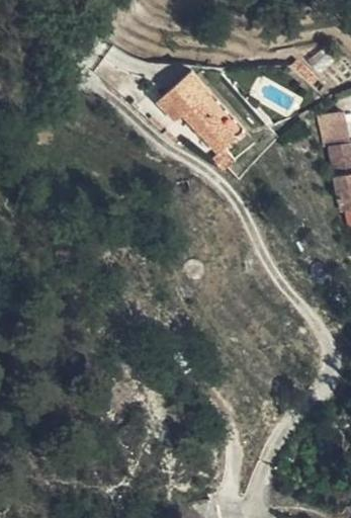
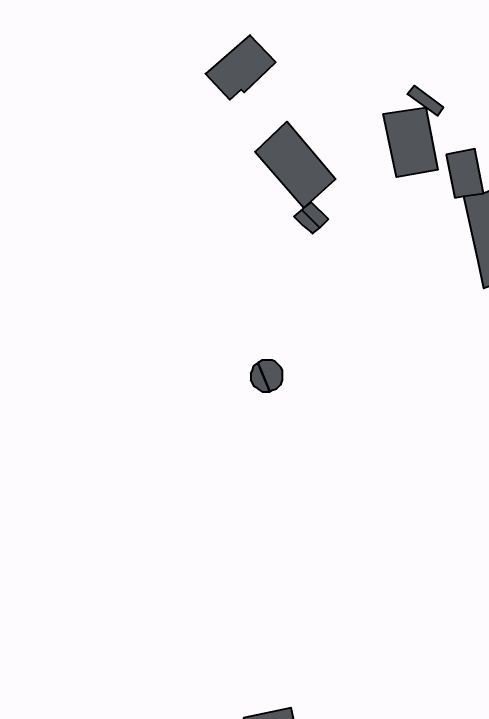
building: [157,74,206,119] -> [205,35,276,100]
building: none -> [383,107,438,177]

